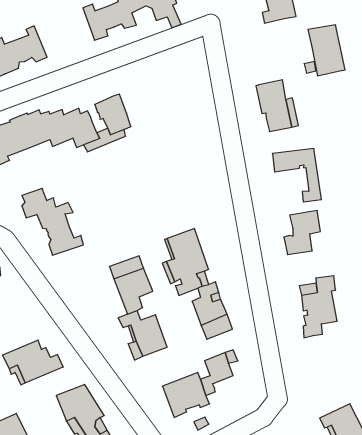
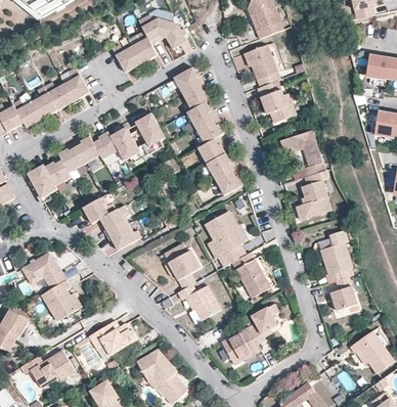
building: [308,25,345,76] -> [247,45,281,88]
building: none -> [171,66,241,194]
building: none -> [332,277,358,312]

